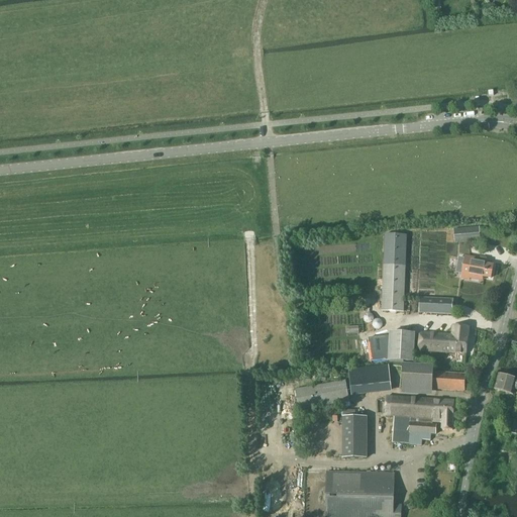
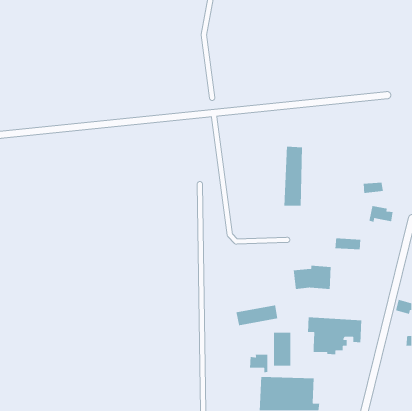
building: [382,234,406,310] -> [284,146,303,207]
building: [416,324,469,352] -> none
building: [347,363,391,393] -> none
building: [402,365,464,390] -> none
building: none -> [249,354,268,373]

